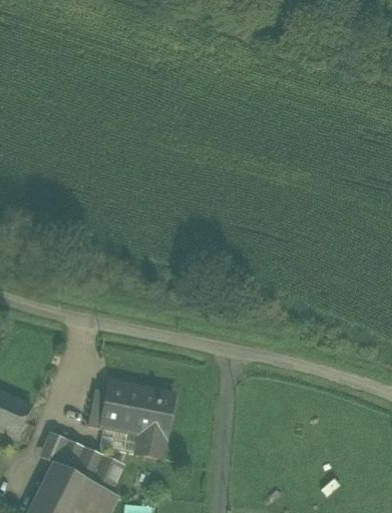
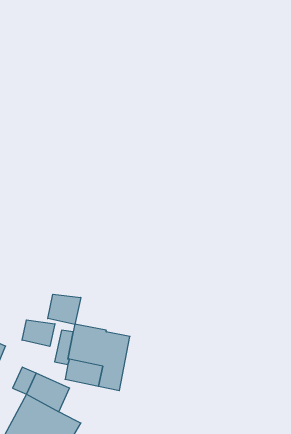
building: none -> [48,294,81,325]
building: none -> [22,320,55,346]
building: [92,455,124,492] -> none

